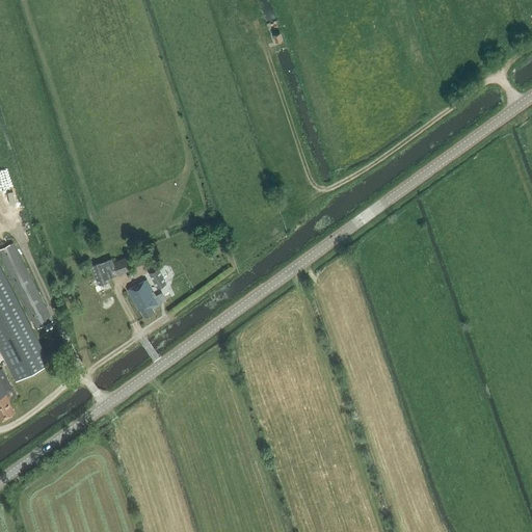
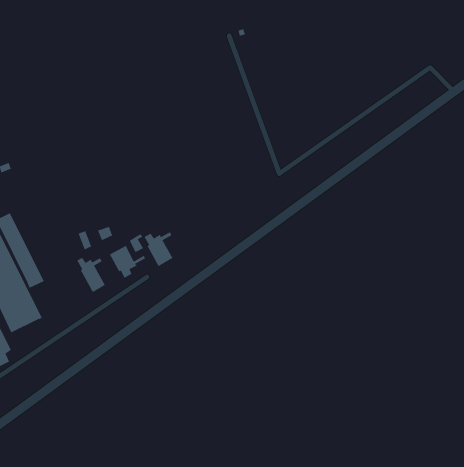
building: none -> [143,231,174,267]
building: none -> [76,257,106,293]

